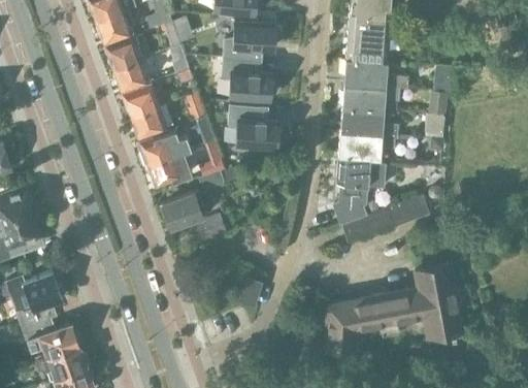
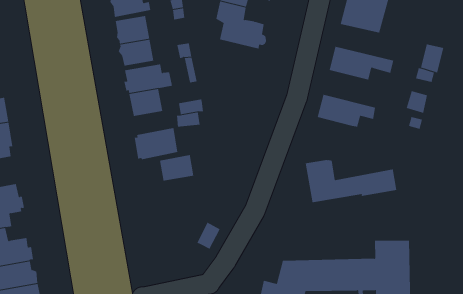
building: [344,61,408,88] -> none
building: [229,105,283,148] -> none
building: [340,108,395,136] -> none
building: [336,157,385,188] -> none

